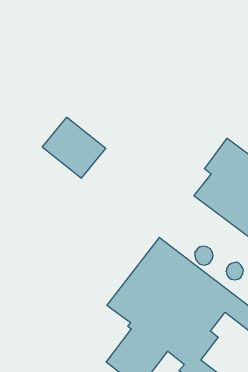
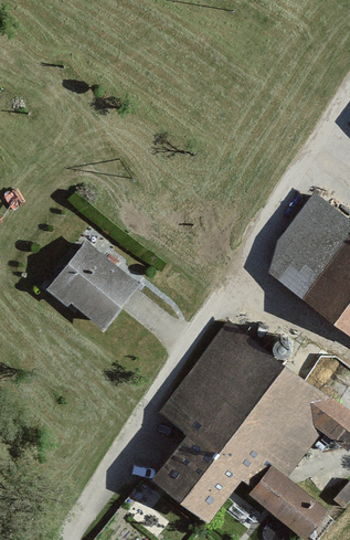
building: [42,117,106,178] -> [53,247,134,325]

